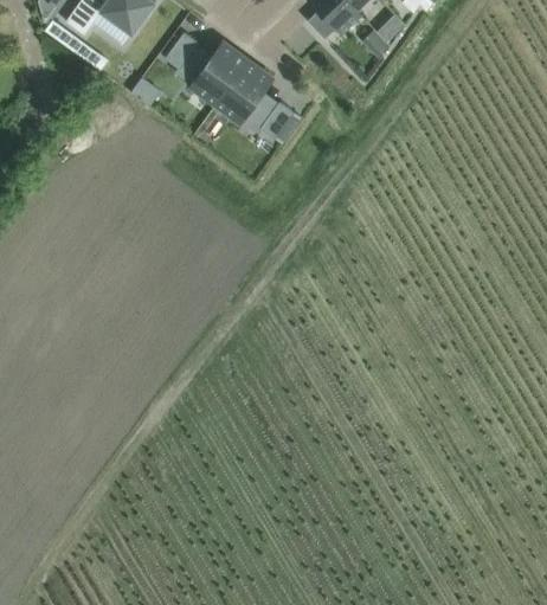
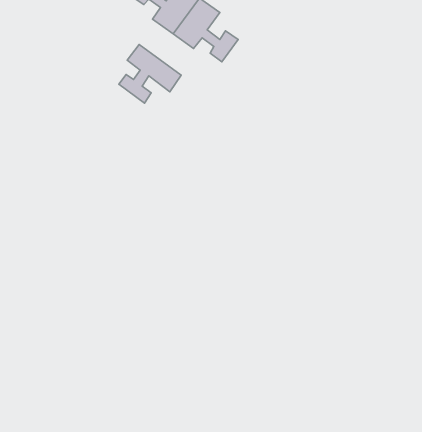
building: none -> [119,44,181,103]

